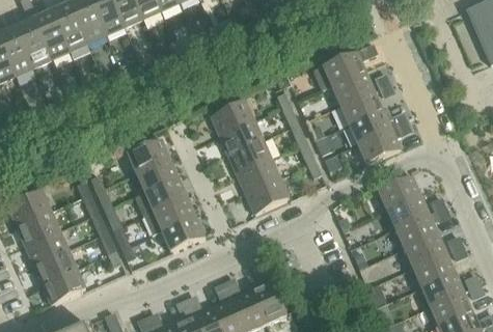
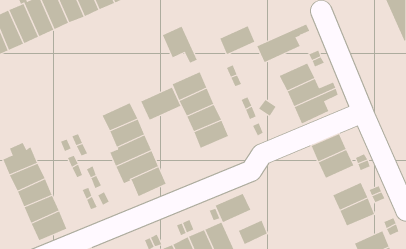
building: none -> [162,26,197,64]
building: [331,71,374,106] -> [220,25,255,55]
building: none -> [141,87,181,120]
building: [245,178,289,214] -> [215,193,251,223]
building: [395,214,438,249] -> none
building: [420,272,464,307] -> none
building: none -> [238,220,268,245]

